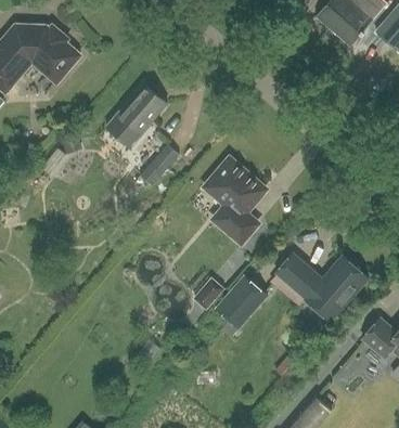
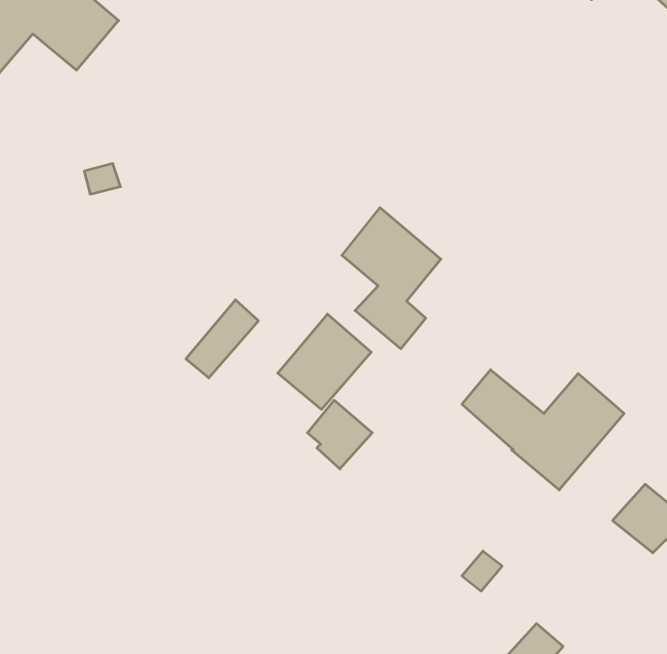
building: [106,83,166,147] -> none
building: [141,141,182,185] -> [186,300,258,378]
building: [216,273,269,327] -> [278,314,371,409]

